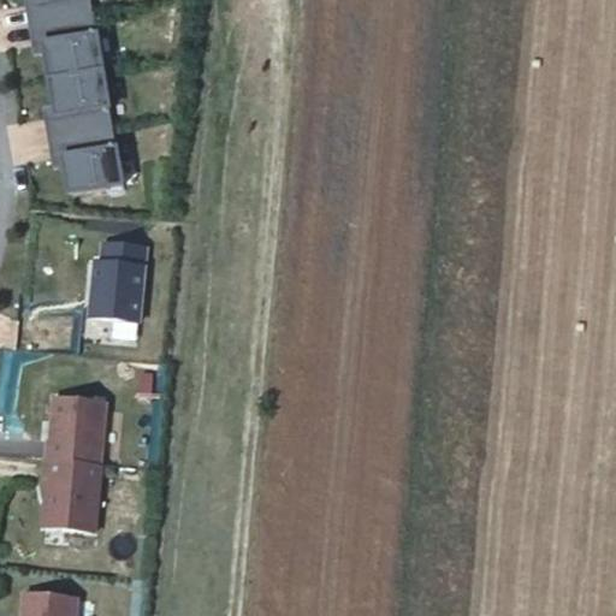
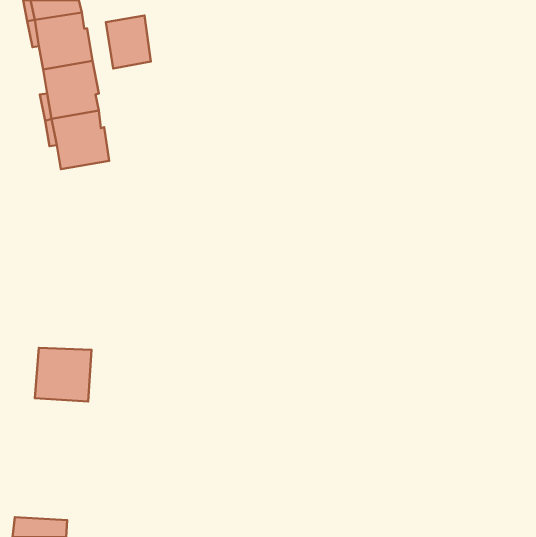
building: none -> [106,16,151,69]
building: [90,244,147,328] -> none
building: [34,456,101,533] -> none

